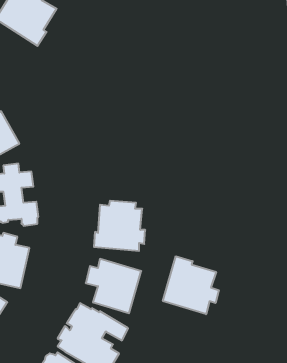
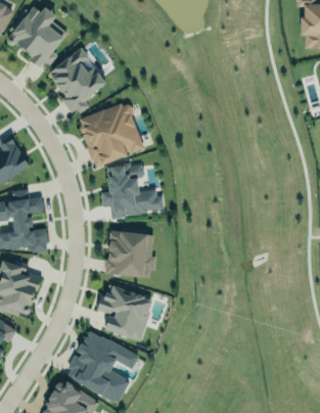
building: none -> [48,48,106,114]
building: none -> [80,103,144,167]
building: none -> [102,164,164,221]
building: [163,256,219,314] -> none

